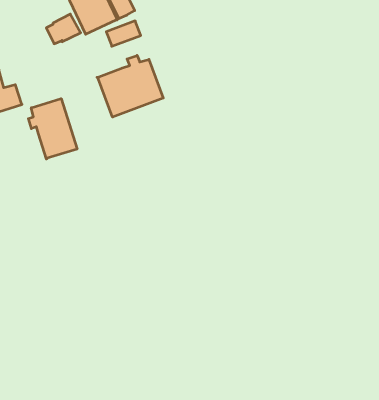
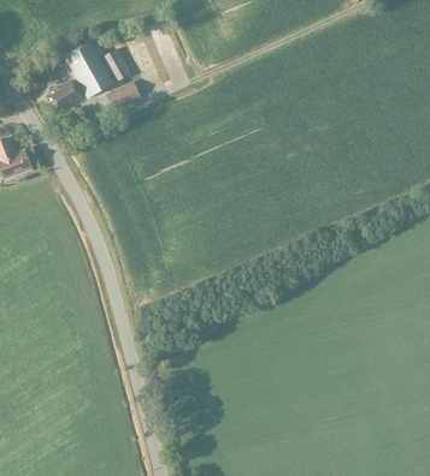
building: [97,55,163,117] -> none
building: [28,99,77,159] -> none

